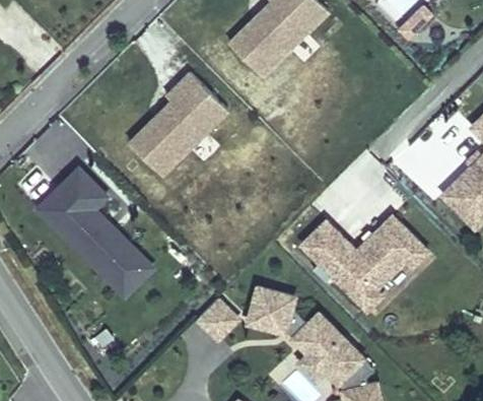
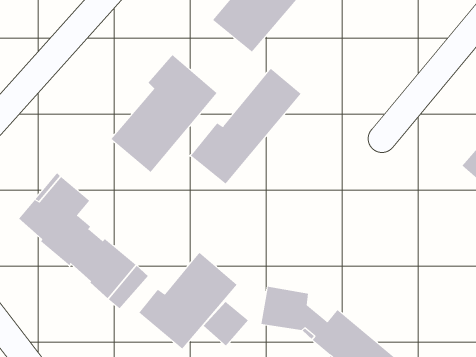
building: none -> [190,68,302,184]
building: [300,214,427,310] -> none
building: none -> [139,252,237,349]

